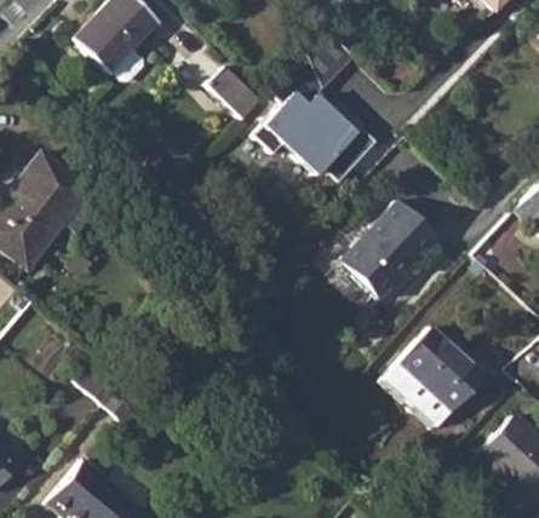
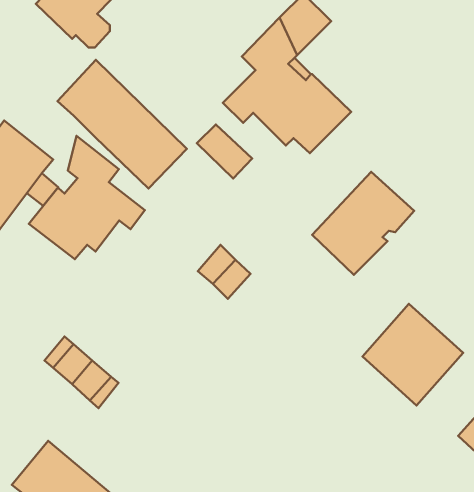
building: [207,67,260,119] -> [197,124,252,178]
building: none -> [58,60,187,189]
building: none -> [29,136,145,259]

